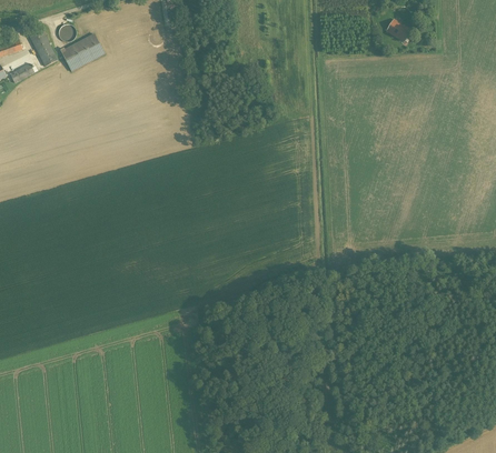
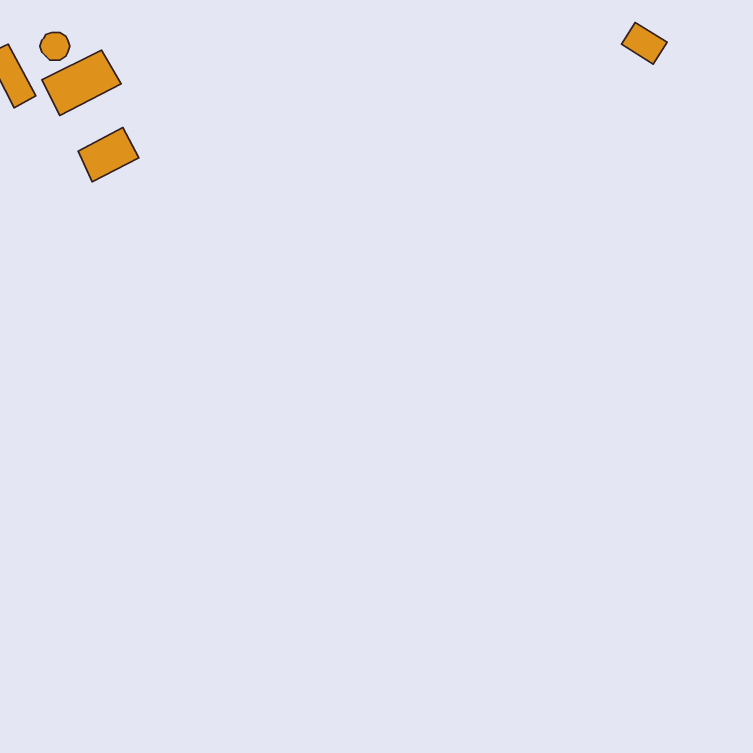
building: none -> [78,127,139,182]

